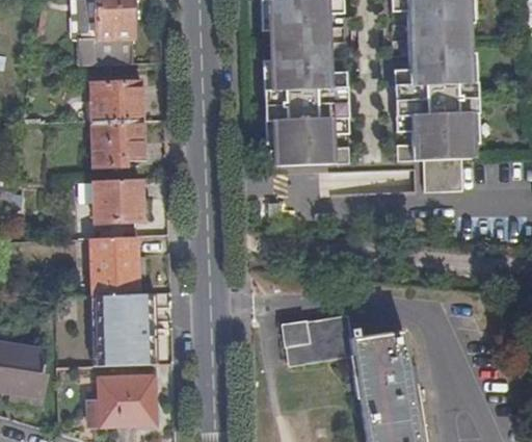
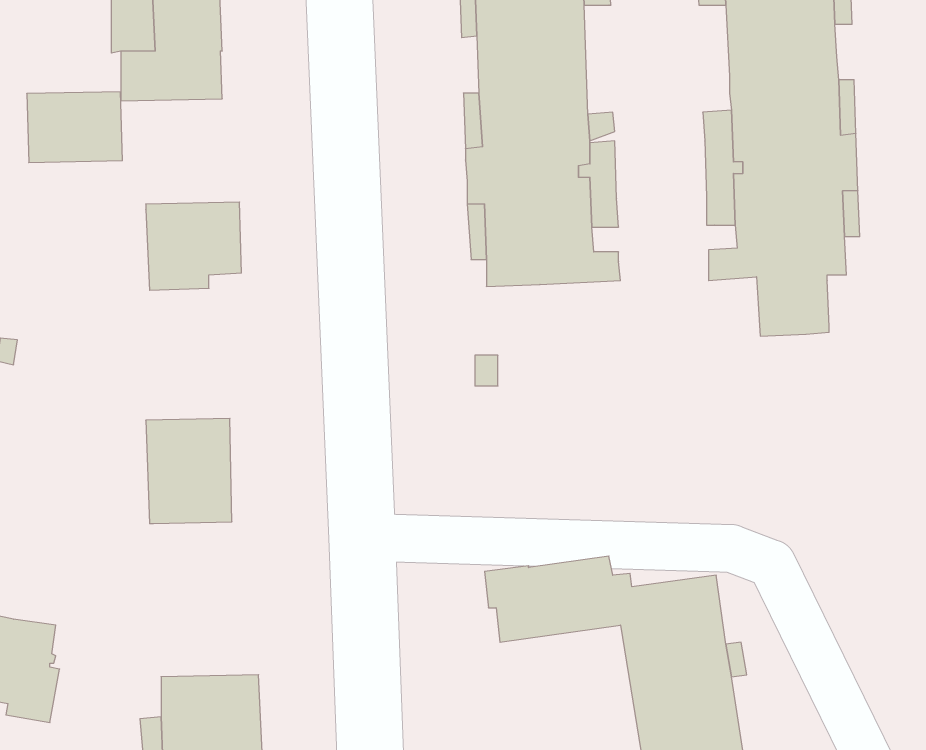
building: [90,82,142,121] -> [27,92,122,163]
building: [95,178,142,222] -> none
building: [96,292,153,365] -> none

